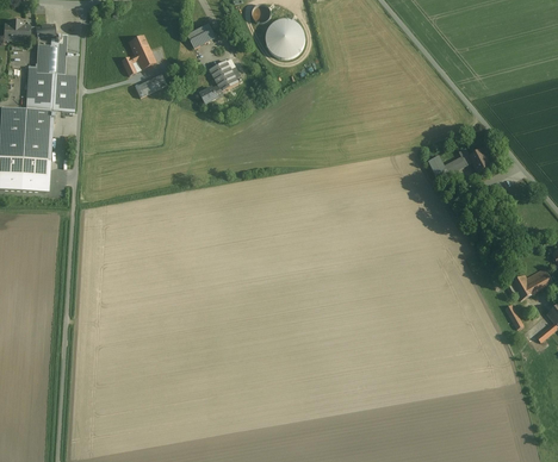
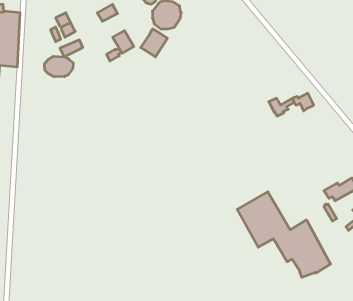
building: none -> [141,29,167,57]
building: none -> [45,56,73,77]
building: none -> [237,192,331,277]

